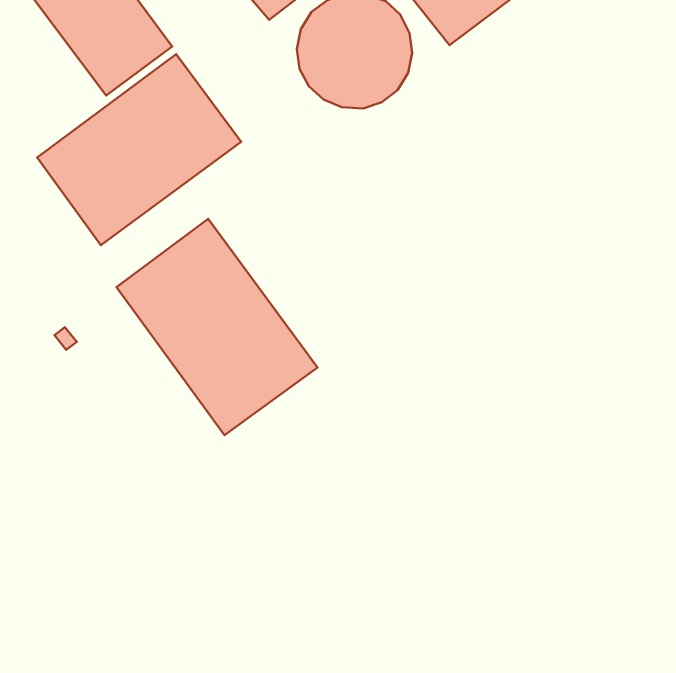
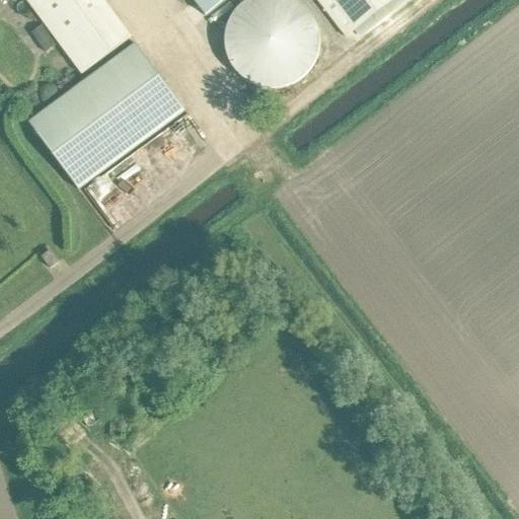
building: [116,219,317,435] -> none

